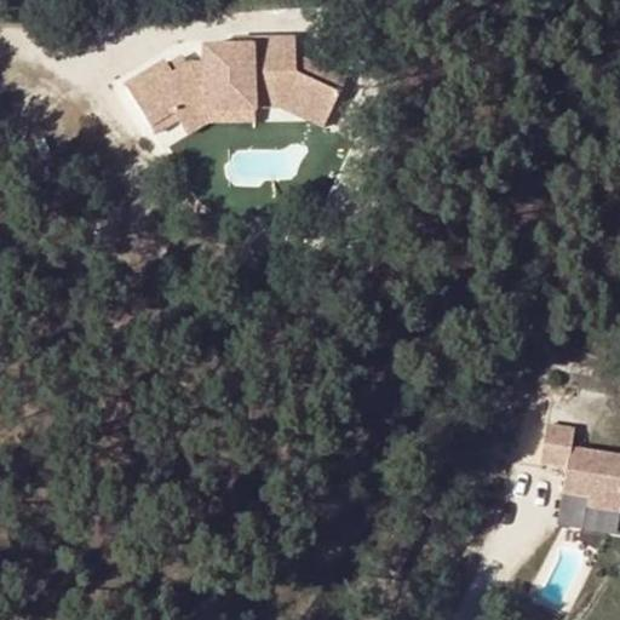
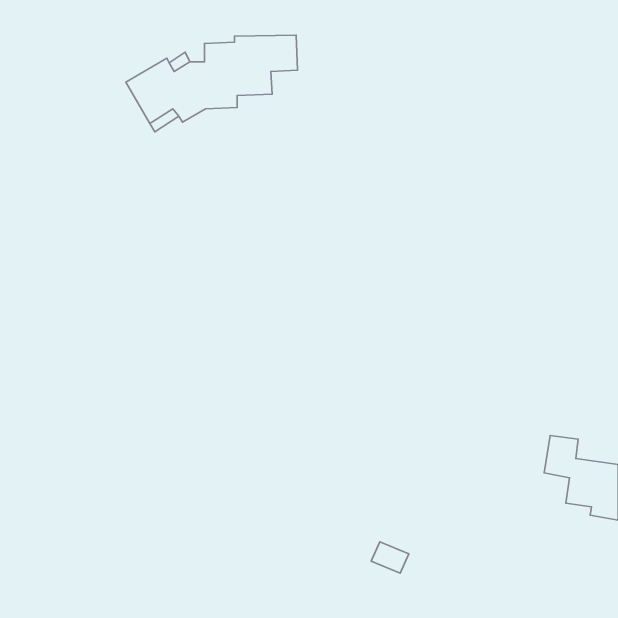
building: [183,70,340,132] -> none

